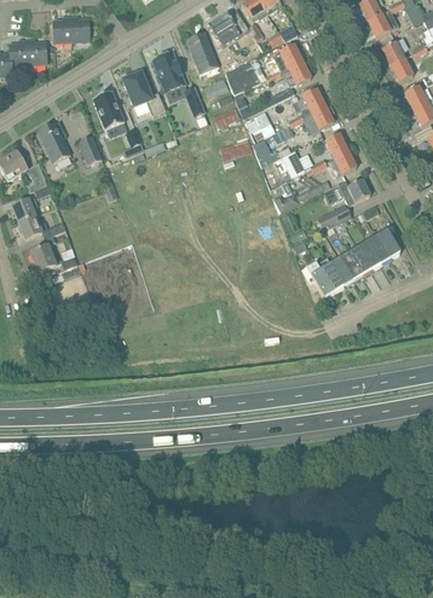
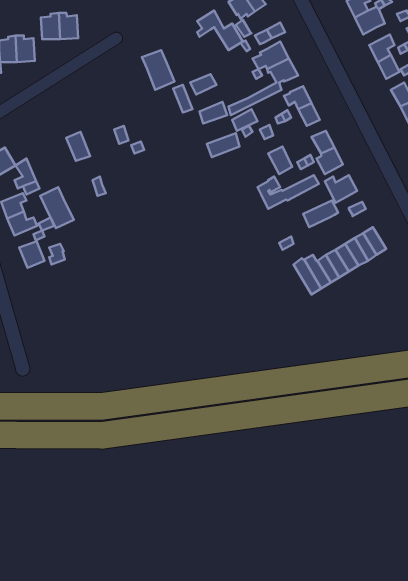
building: [186,31,219,72] -> none
building: [225,59,260,93] -> none
building: [122,71,164,115] -> none
building: [92,89,123,128] -> none
building: [36,121,70,162] -> [40,187,74,228]

